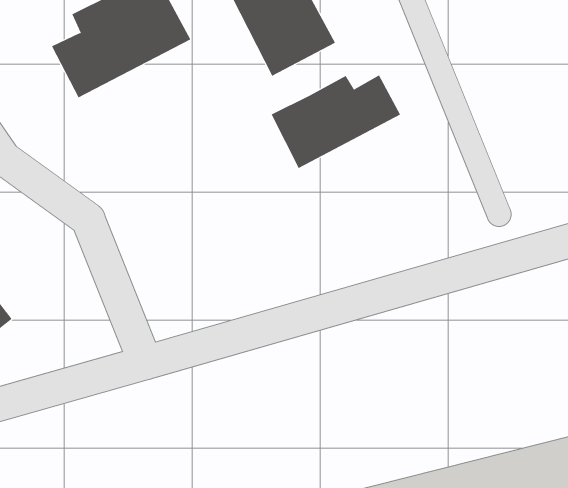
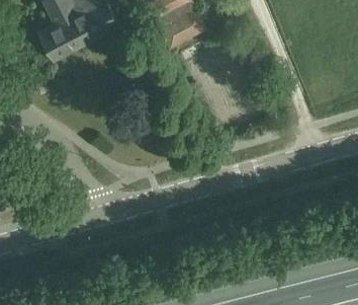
building: [271,74,401,169] -> none

